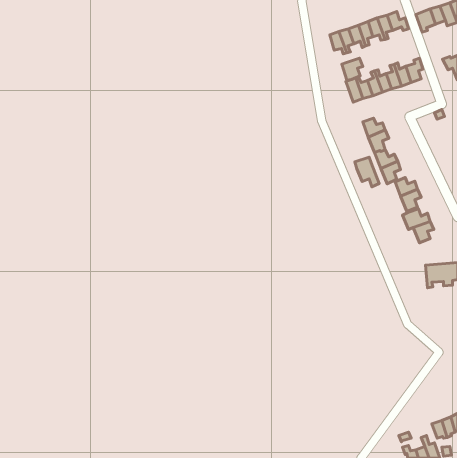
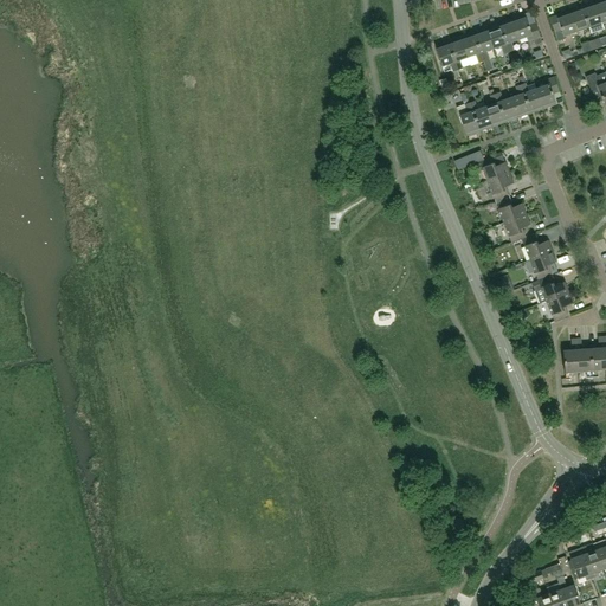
building: [342,58,363,80] -> none
building: [355,157,379,187] -> none

